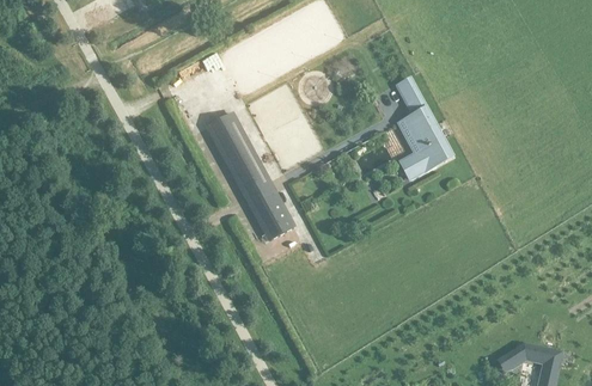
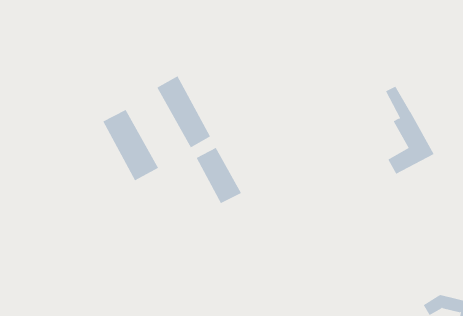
building: [393,69,448,169] -> [385,86,434,174]
building: none -> [103,109,159,181]

